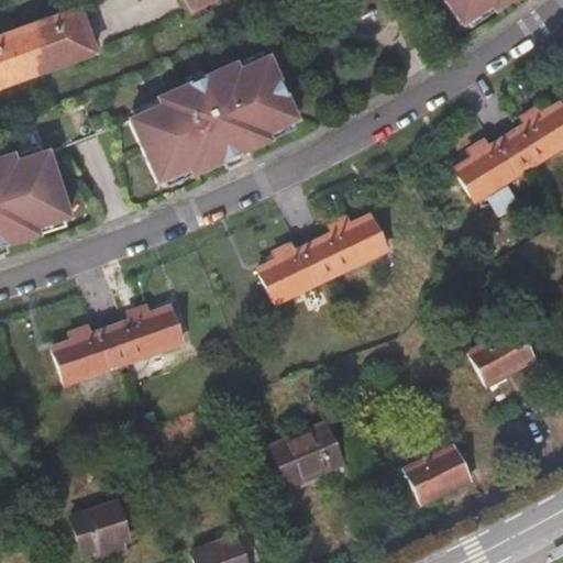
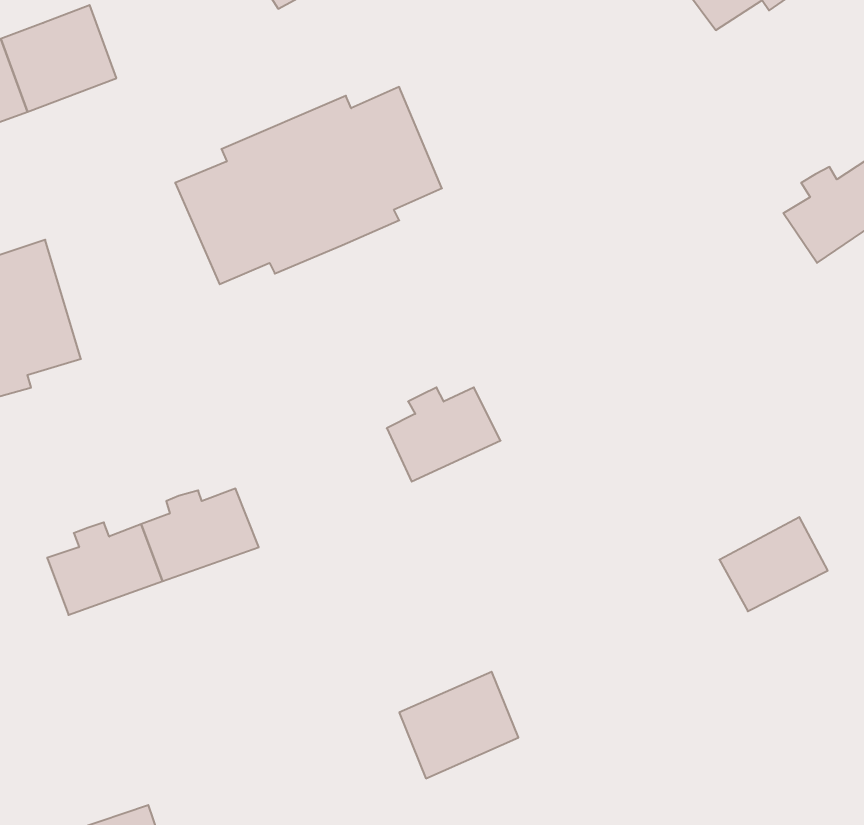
building: [455,136,528,201] -> none
building: [316,217,389,277] -> none
building: [405,444,470,501] -> none

